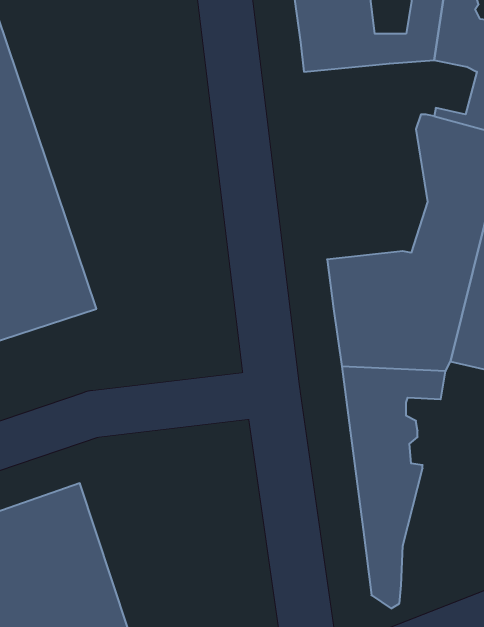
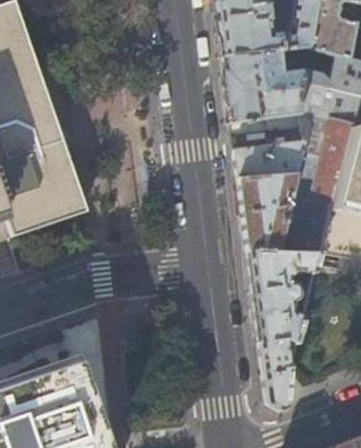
building: none -> [225,51,307,180]

